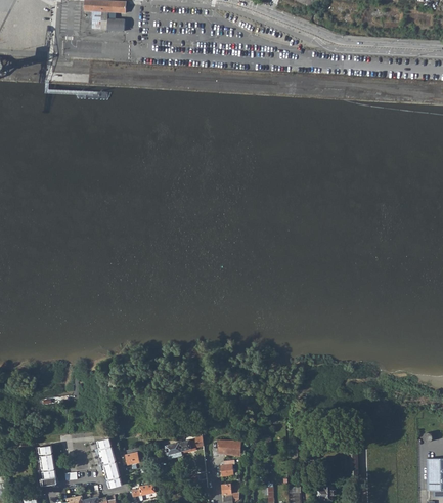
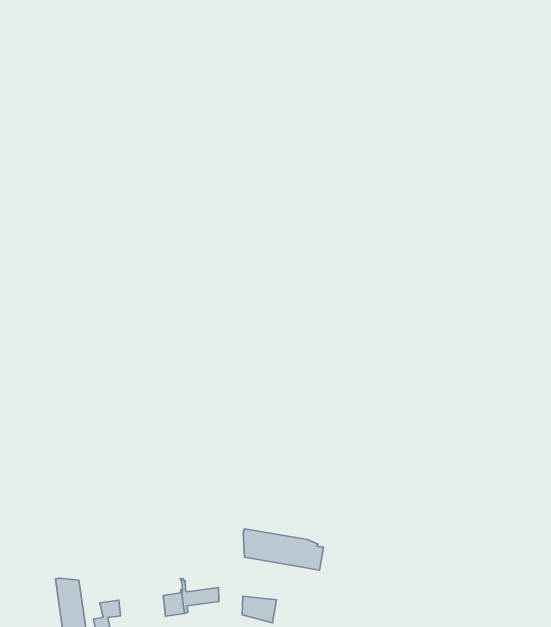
building: none -> [243,529,323,570]

